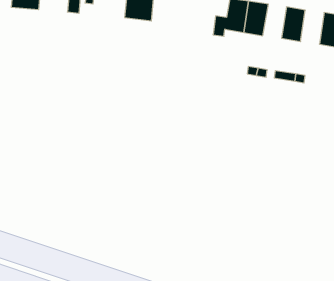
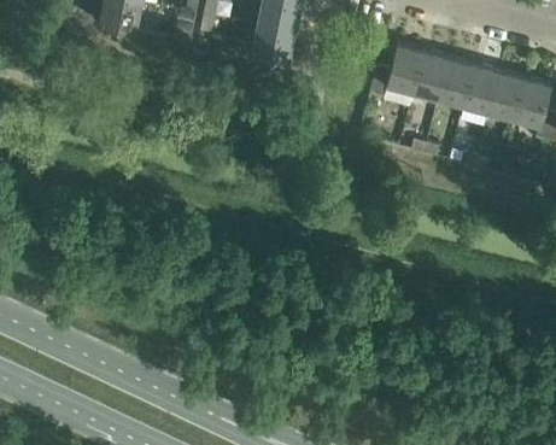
building: none -> [437,58,473,106]
building: none -> [487,71,523,119]

